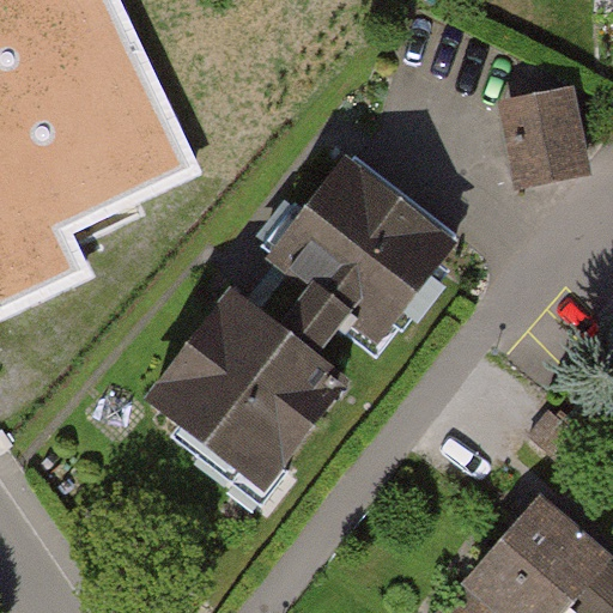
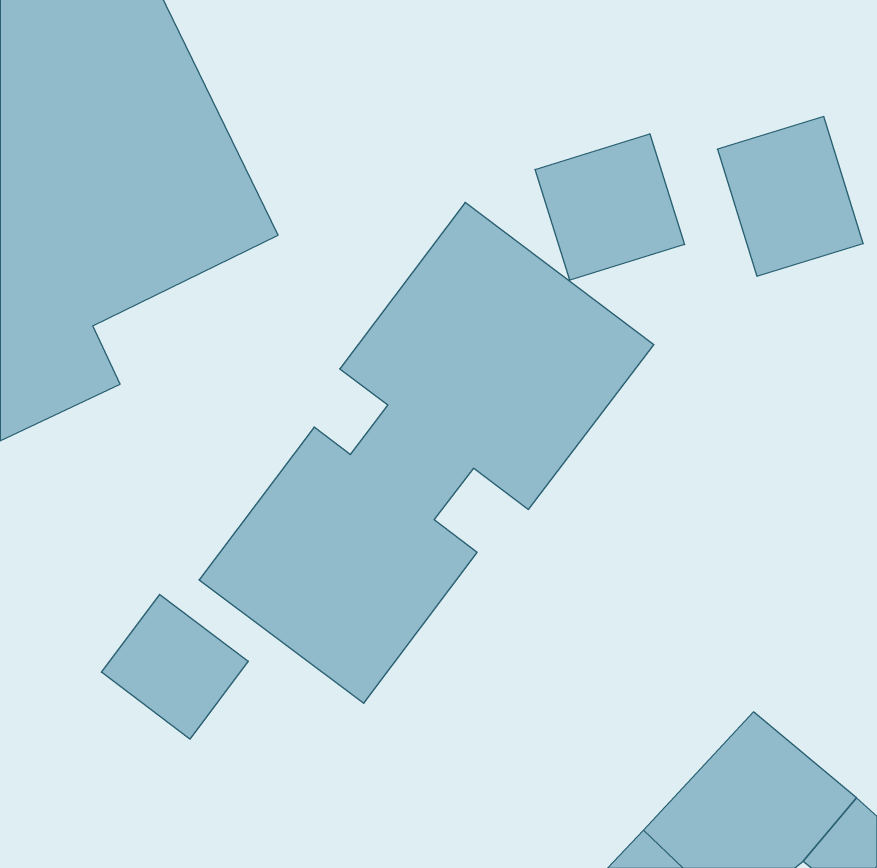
building: none -> [535,134,685,280]
building: none -> [101,594,248,739]

